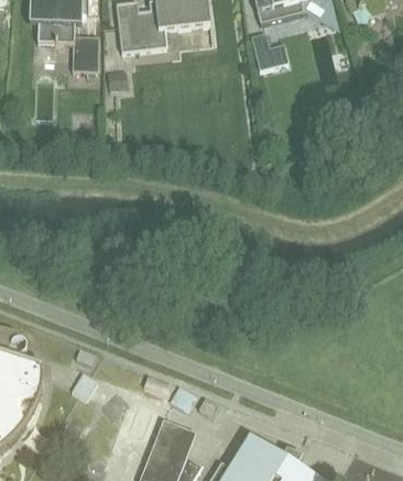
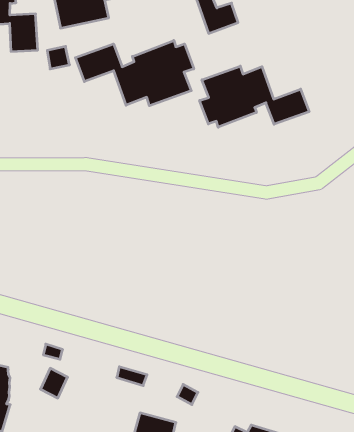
building: none -> [75,40,194,106]
building: none -> [200,66,309,127]

